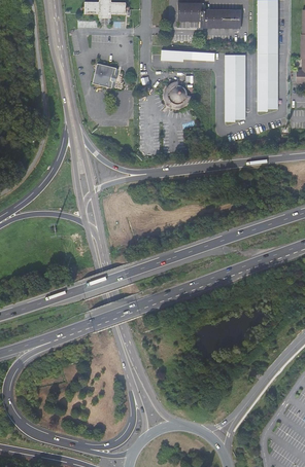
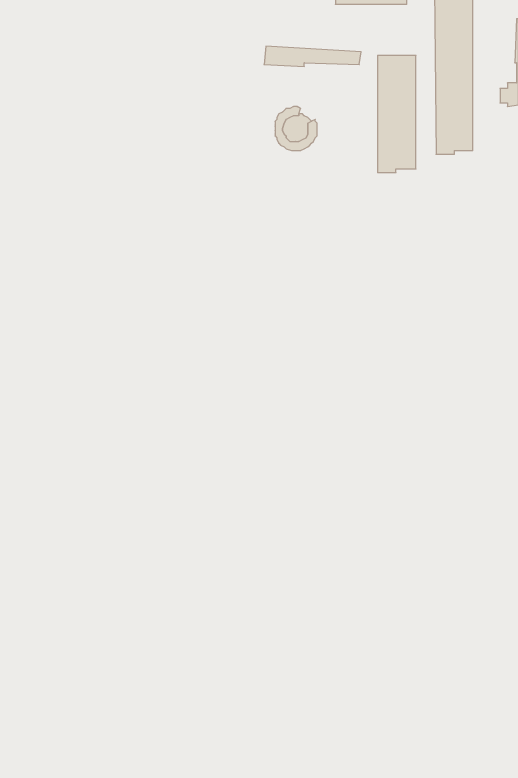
building: [92,65,117,89] -> none

